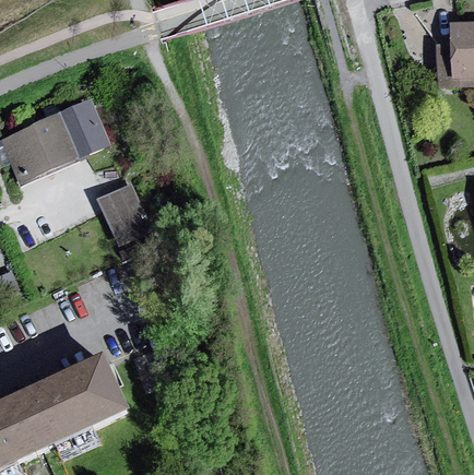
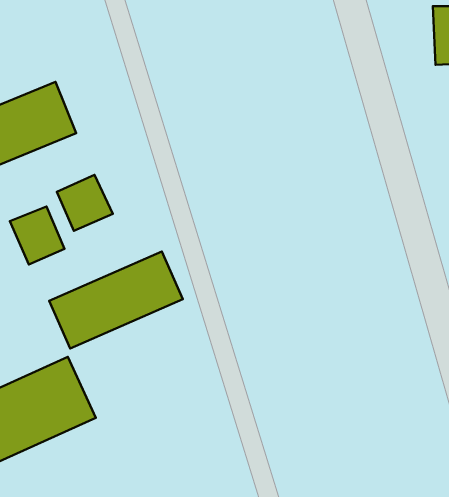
building: none -> [10,206,65,264]
building: none -> [49,251,183,348]

